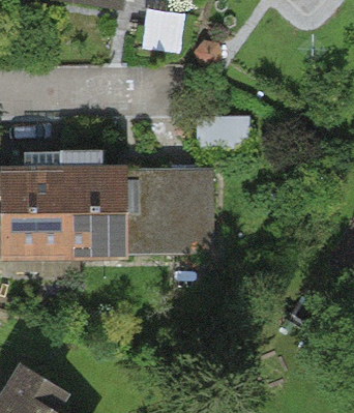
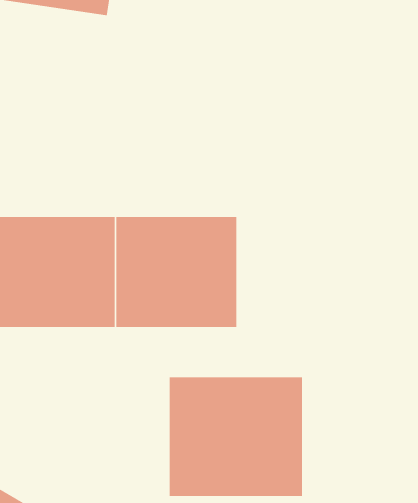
building: none -> [169,377,303,497]

